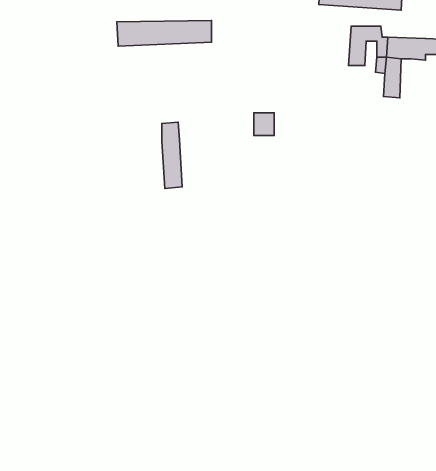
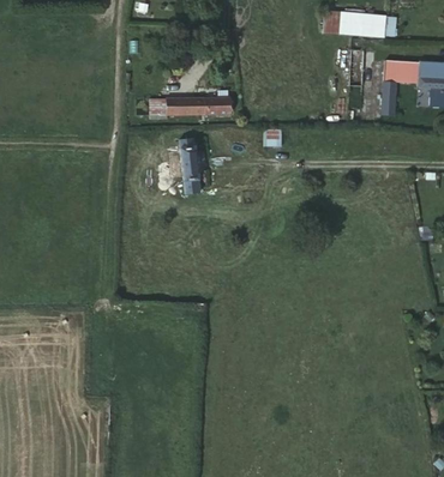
building: [117,21,212,46] -> [150,96,234,119]

